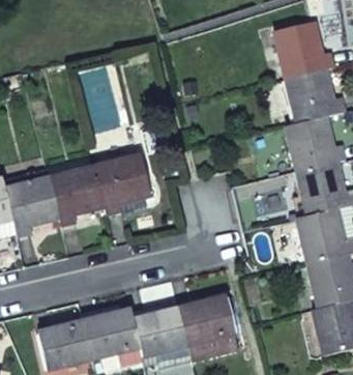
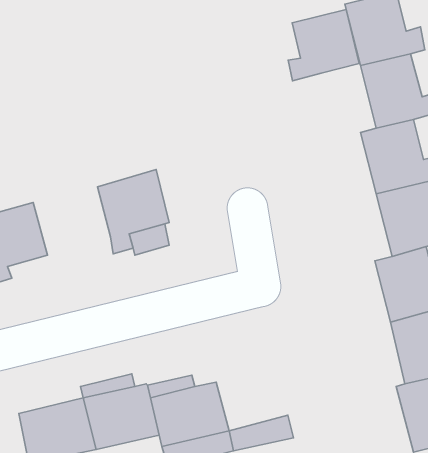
building: none -> [288,9,359,81]
building: [49,166,105,227] -> none
building: [181,297,233,343] -> none

